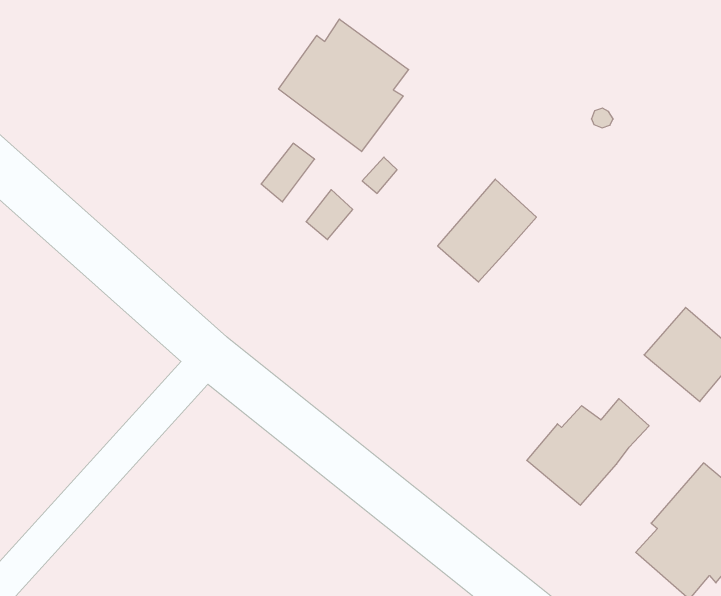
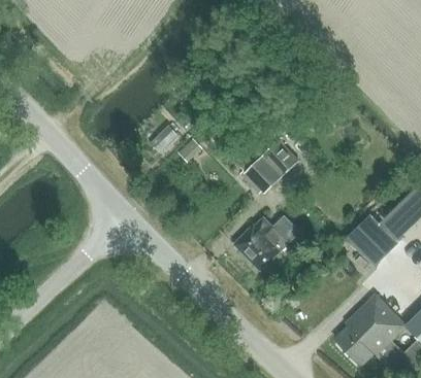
building: [279,19,409,152] -> none
building: [527,399,649,505] -> [232,218,297,272]

